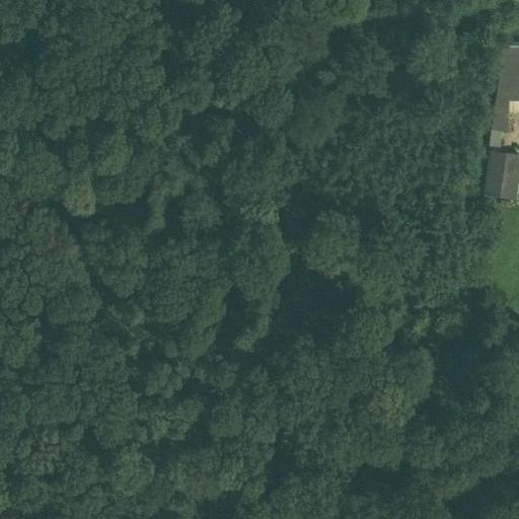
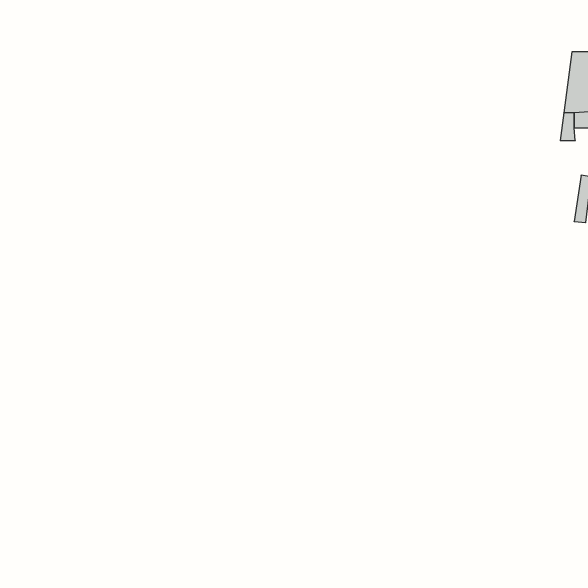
building: [486,152,512,196] -> none

